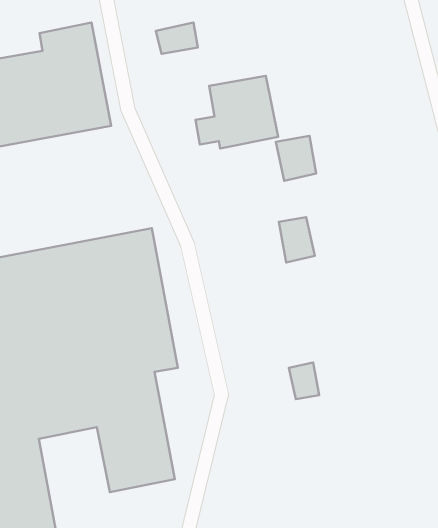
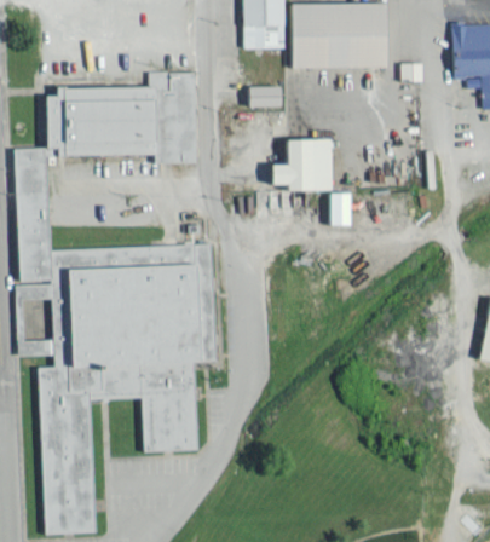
building: [279,217,315,262] -> none
building: [289,362,319,399] -> none

